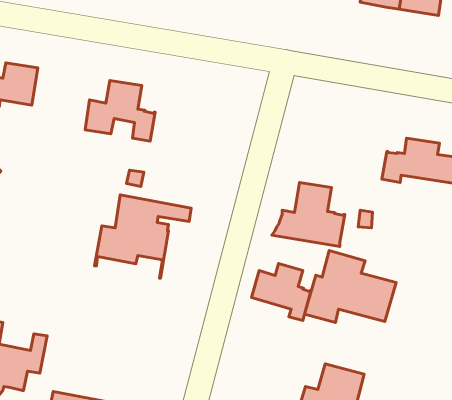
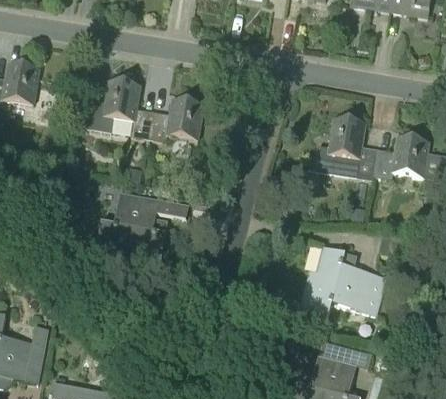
building: none -> [148,99,203,142]
building: [272,182,345,246] -> [307,118,378,180]
building: [251,263,311,320] -> none

